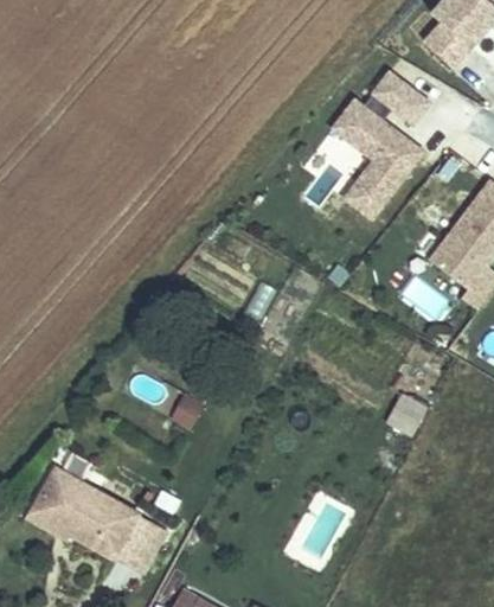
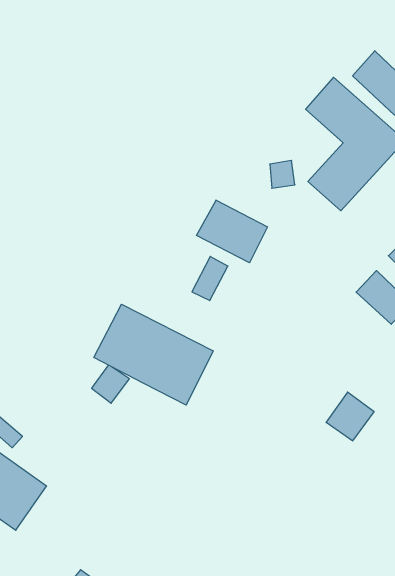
building: none -> [196,200,267,263]
building: none -> [94,304,213,405]
building: [110,512,165,574] -> none

